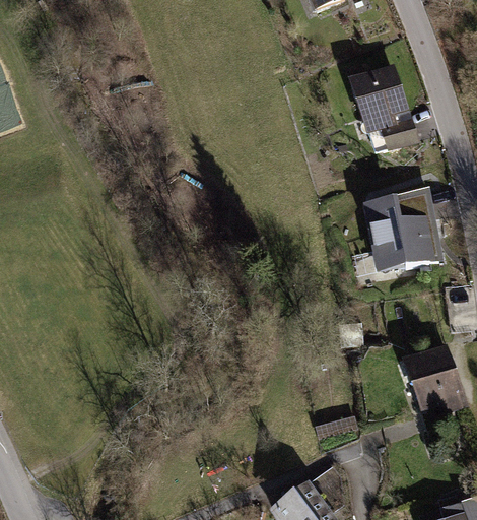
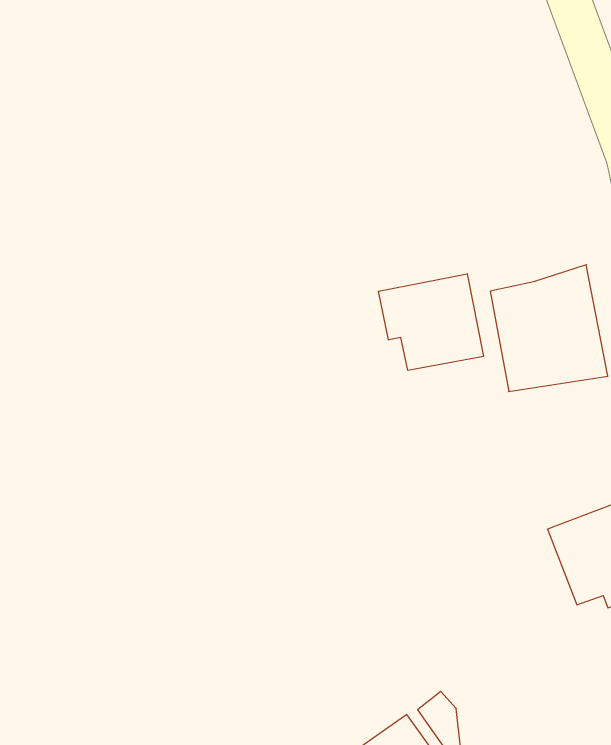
building: [351,65,417,145] -> none
building: none -> [378,274,483,370]

